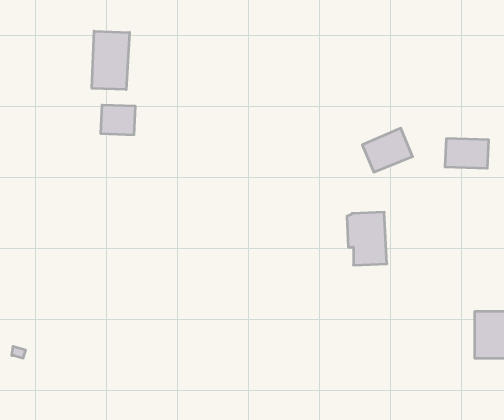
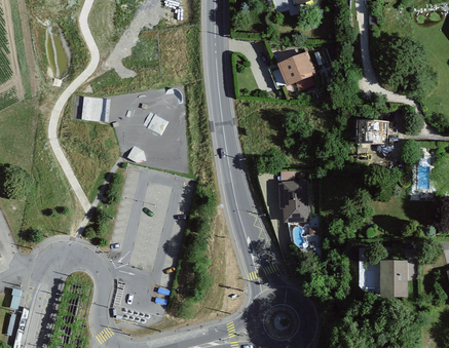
building: [92,31,130,90] -> none
building: [362,128,413,172] -> [277,51,317,86]

